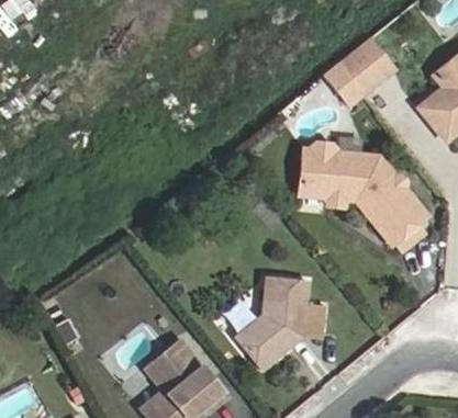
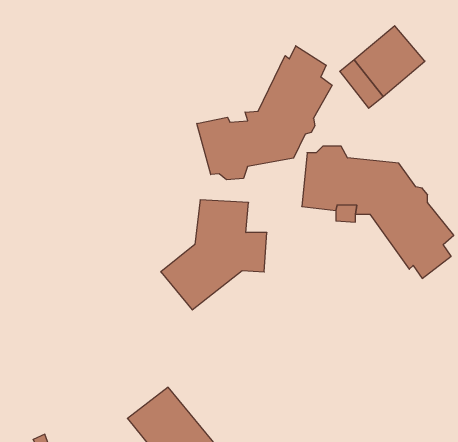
building: none -> [197,46,332,180]
building: [233,278,322,370] -> [161,200,267,310]

